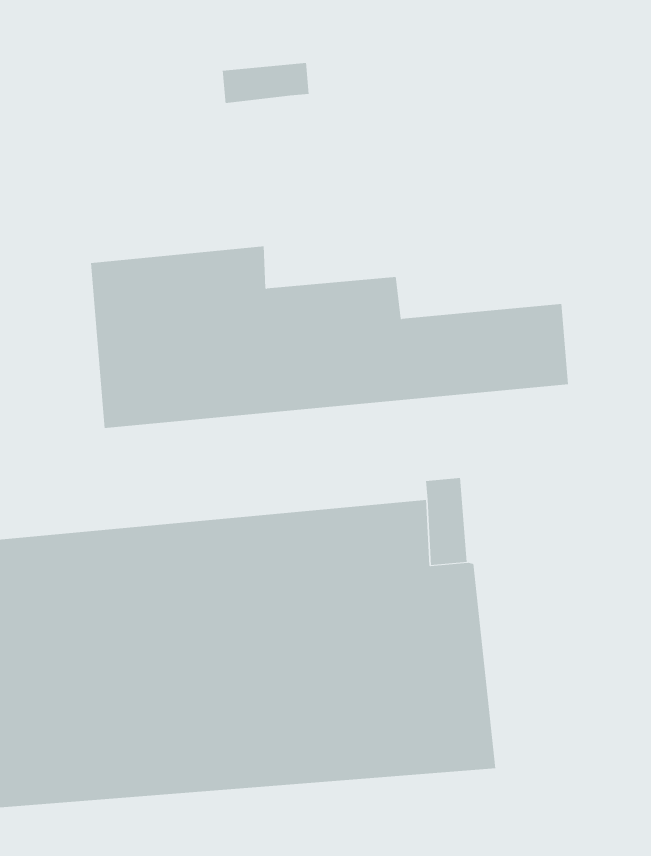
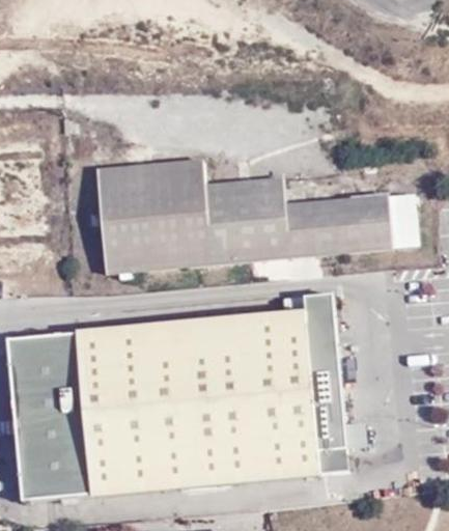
building: [222,62,309,104] -> none
building: none -> [388,189,417,241]

